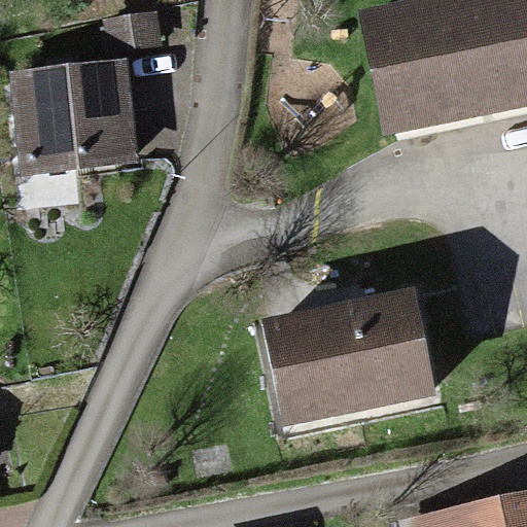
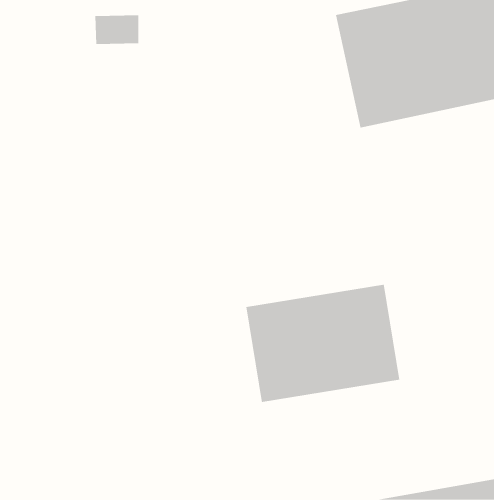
building: [14,66,134,170] -> none

